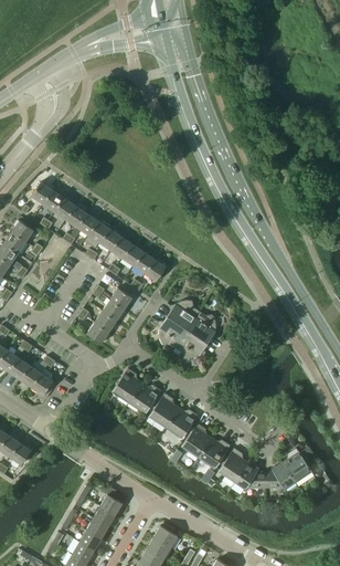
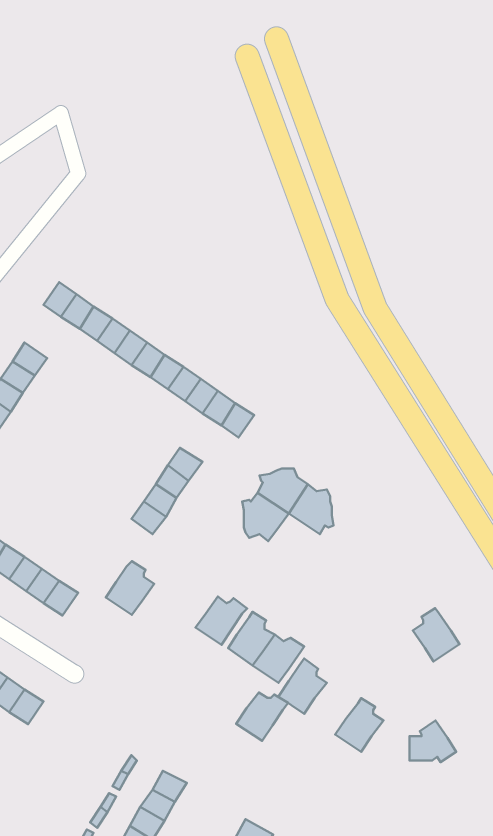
building: [174,331,208,359] -> none
building: [111,369,142,403] -> [106,561,154,615]
building: [198,439,231,470] -> [236,693,288,741]
building: [281,449,311,483] -> [413,608,459,662]
building: [234,463,265,490] -> none

